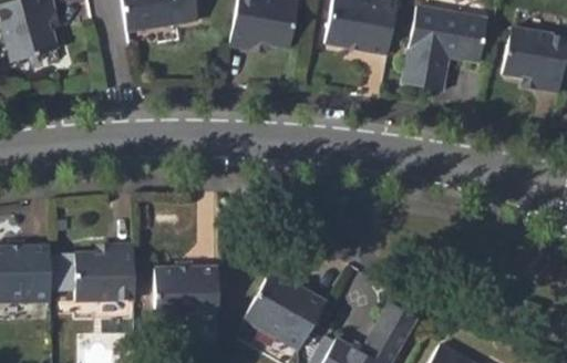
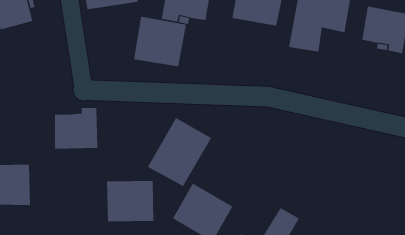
building: none -> [133,16,186,67]
building: none -> [147,117,212,187]
building: [75,242,135,299] -> [54,108,98,149]

